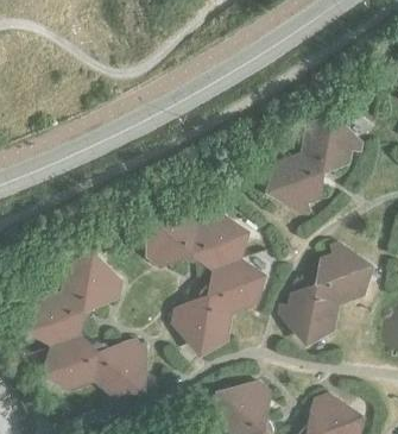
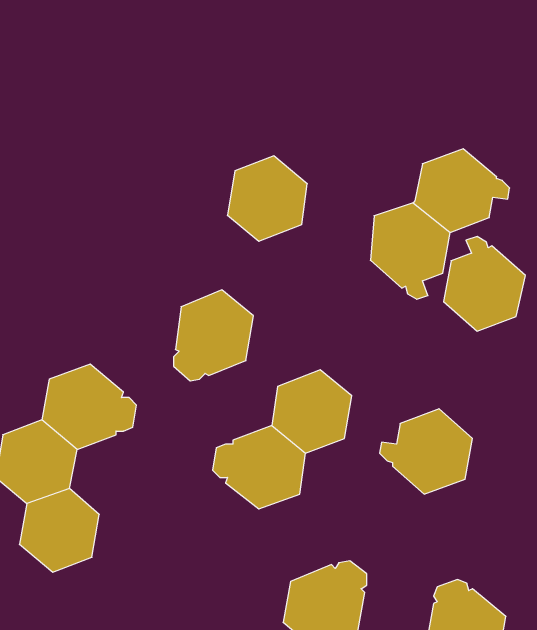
building: [192,216,244,271] -> [227,156,307,241]
building: [316,244,368,304] -> [444,237,525,331]
building: [94,341,146,398] -> none

